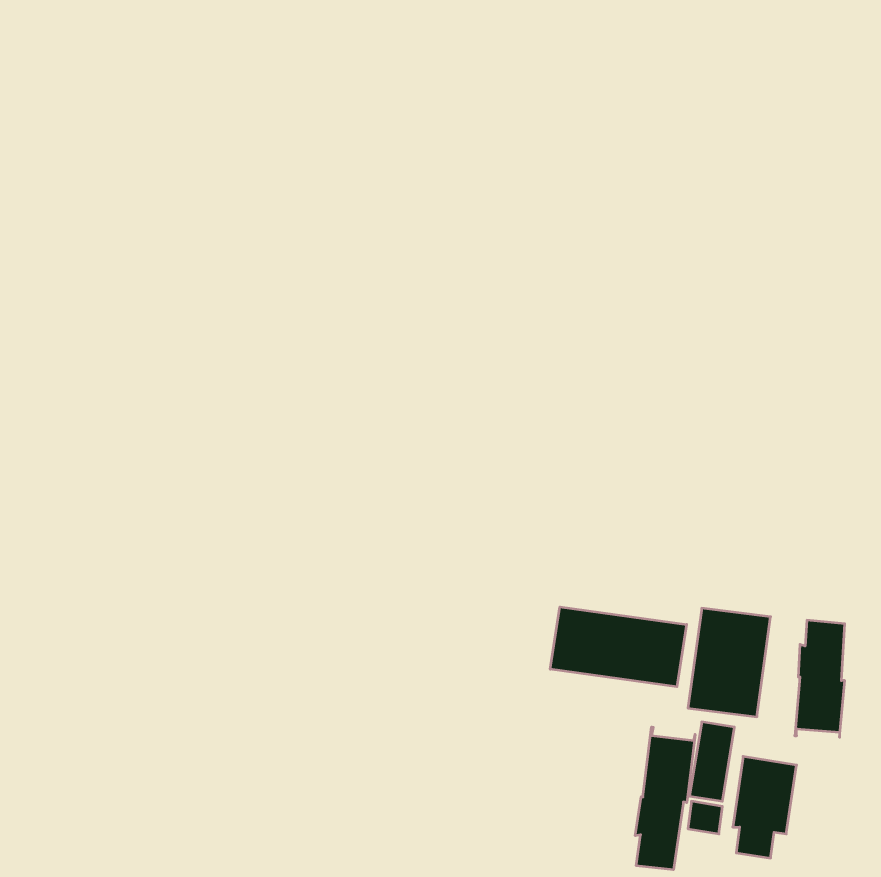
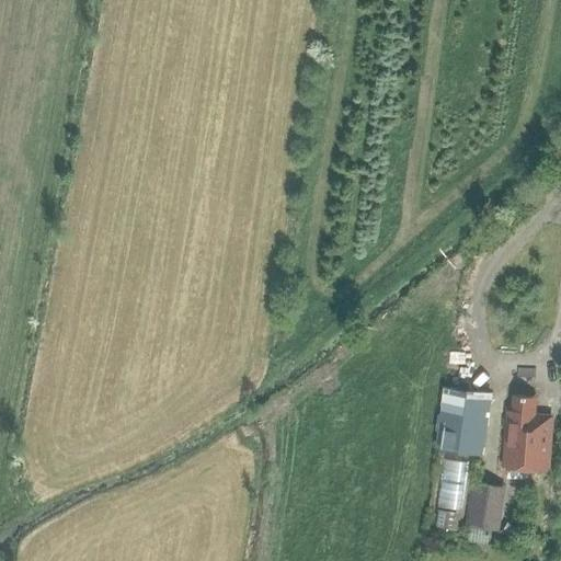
building: [550,607,687,687] -> none
building: [635,727,695,870] -> none

